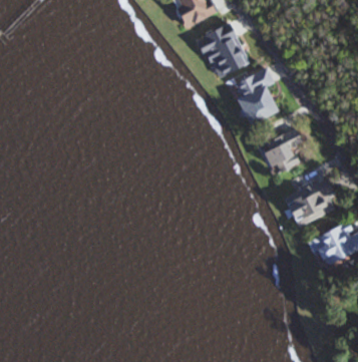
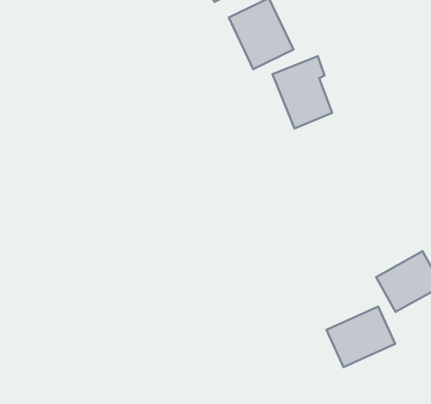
building: [261,128,303,175] -> none
building: [286,179,339,227] -> [327,306,395,367]

